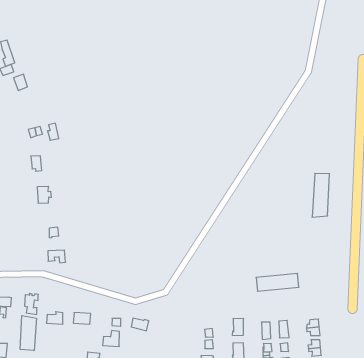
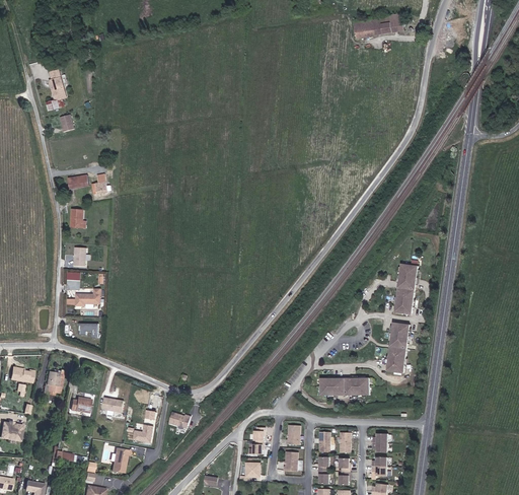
building: none -> [384,323,410,374]
building: [20,316,36,351] -> none

